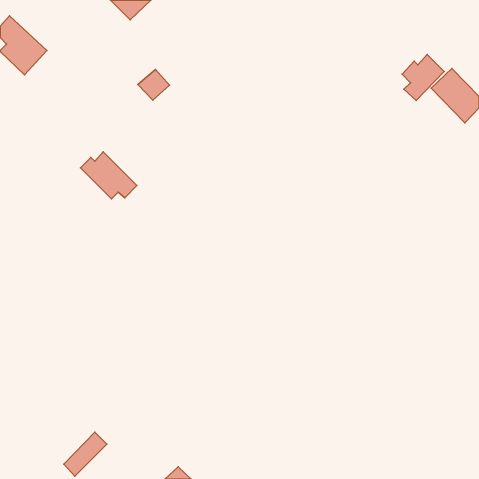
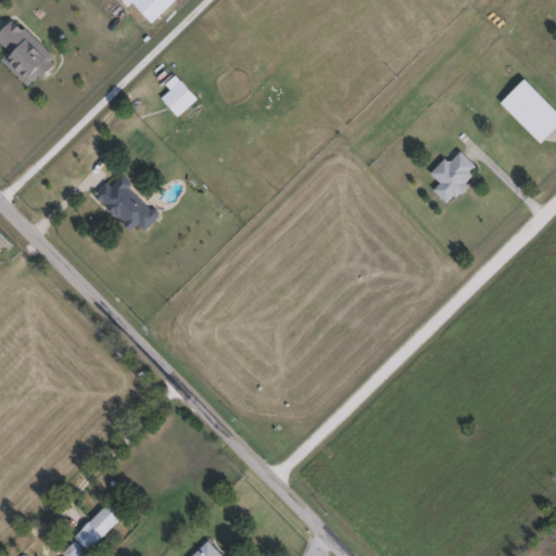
building: [402,55,444,101] -> [430,150,479,203]

